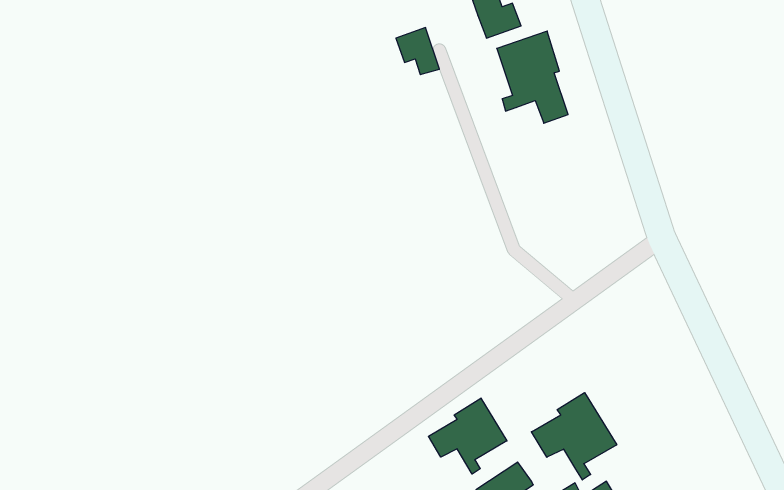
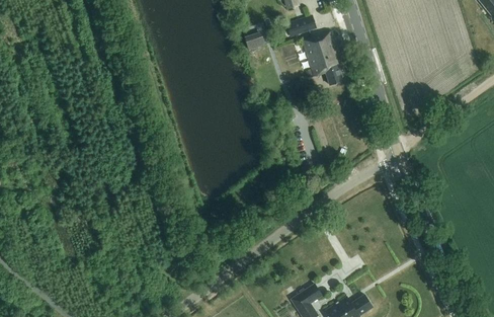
building: [531,393,617,480] -> none
building: [428,398,507,474] -> none

